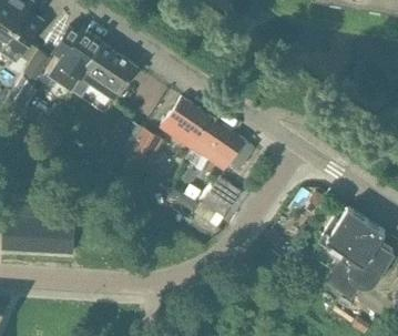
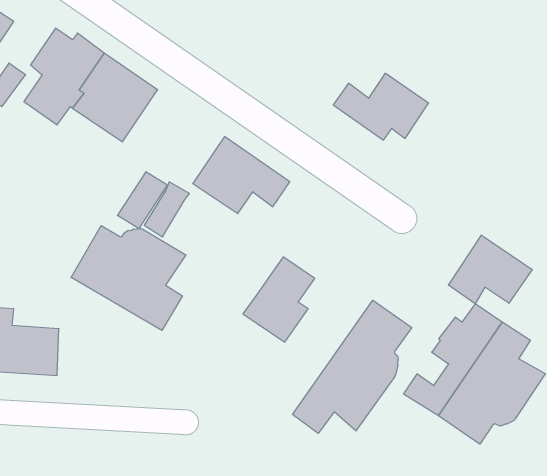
building: [192,129,255,173] -> [333,73,429,140]
building: none -> [71,226,186,330]
building: none -> [448,235,532,304]
building: none -> [293,300,412,433]

